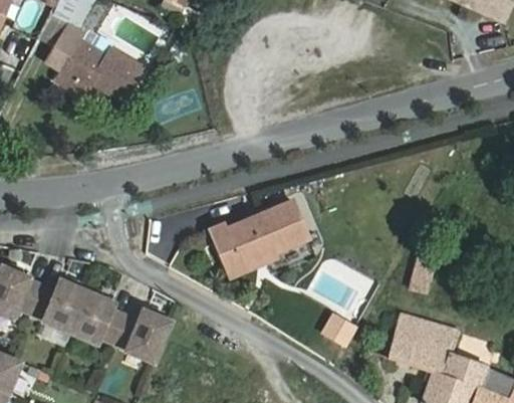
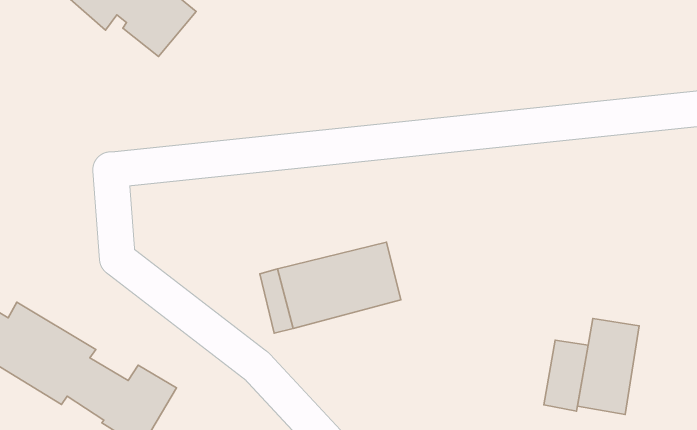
building: none -> [578,318,639,415]

